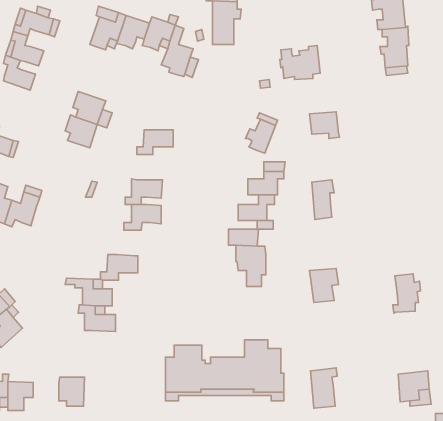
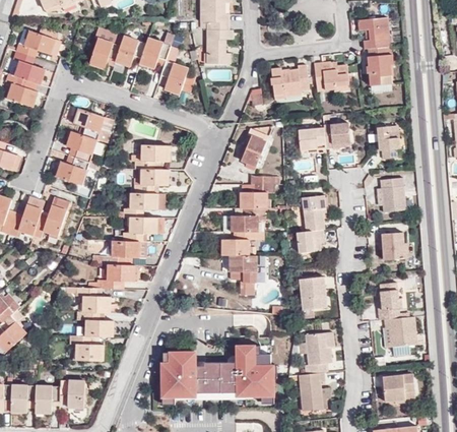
building: none -> [314,62,349,90]
building: none -> [324,123,350,147]
building: none -> [377,125,400,159]
building: none -> [55,155,89,185]
building: none -> [134,168,169,192]
building: none -> [378,178,399,211]
building: none -> [34,196,69,237]
building: none -> [296,228,321,250]
building: none -> [380,230,406,258]
building: none -> [97,240,139,263]
building: none -> [381,315,415,346]
building: none -> [306,332,331,373]
building: none -> [69,335,104,360]
building: none -> [35,385,60,413]

